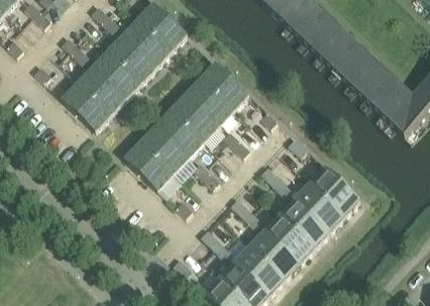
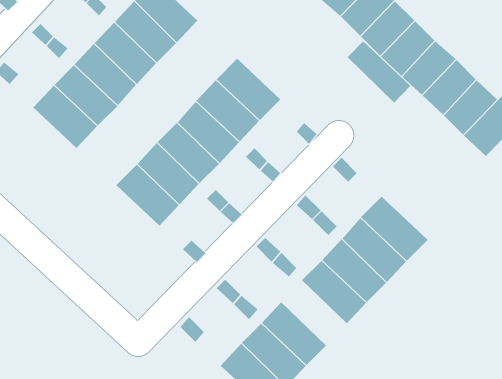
building: none -> [347,40,411,104]
building: [249,228,299,278] -> none

